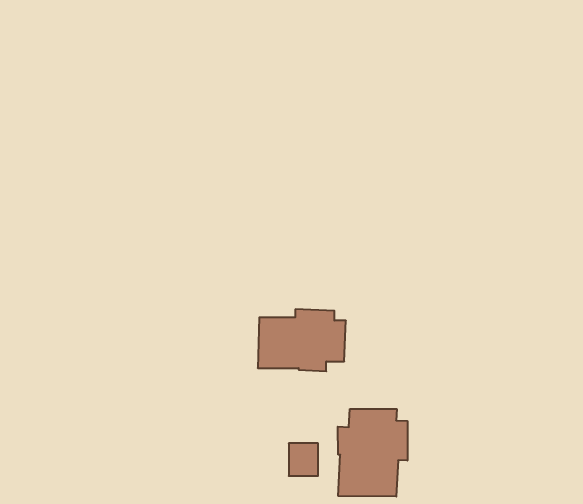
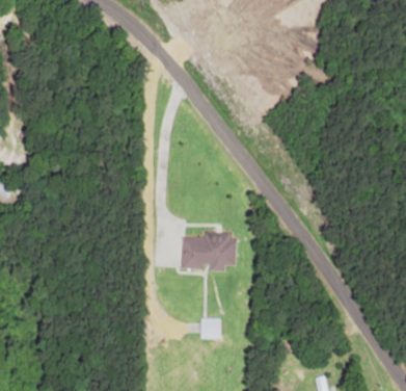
building: [338,409,407,497] -> none

